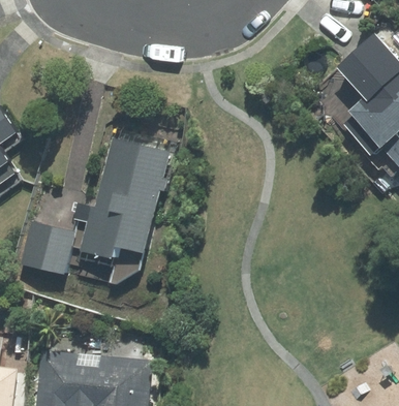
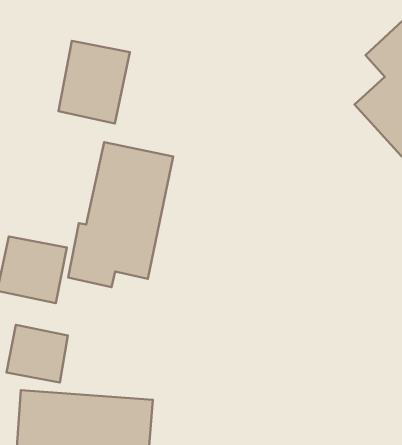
building: none -> [59,41,130,123]
building: none -> [6,325,68,383]

